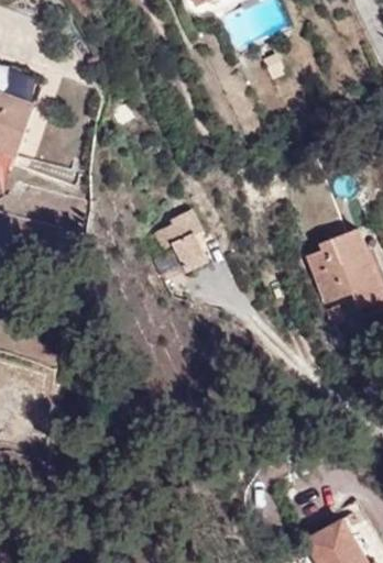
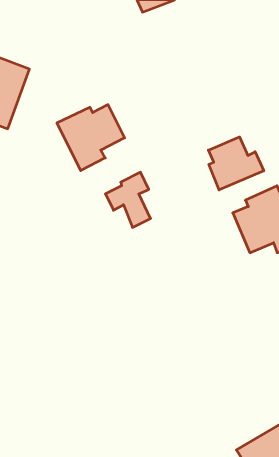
building: none -> [57,105,125,171]
building: none -> [208,137,264,190]

